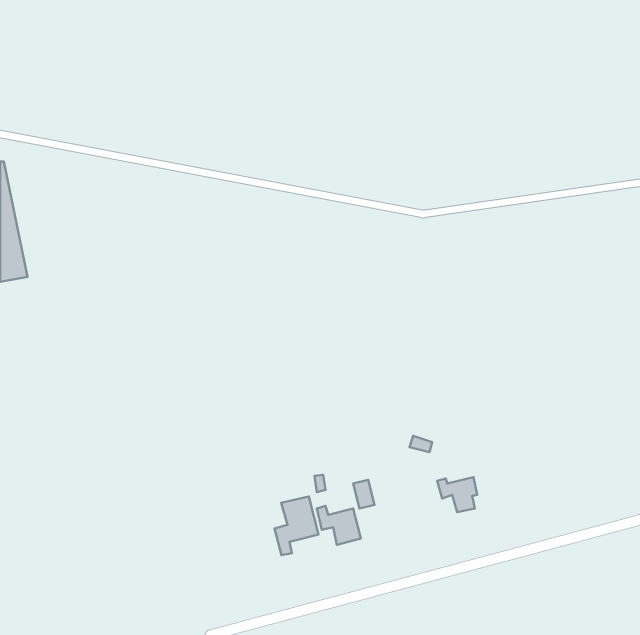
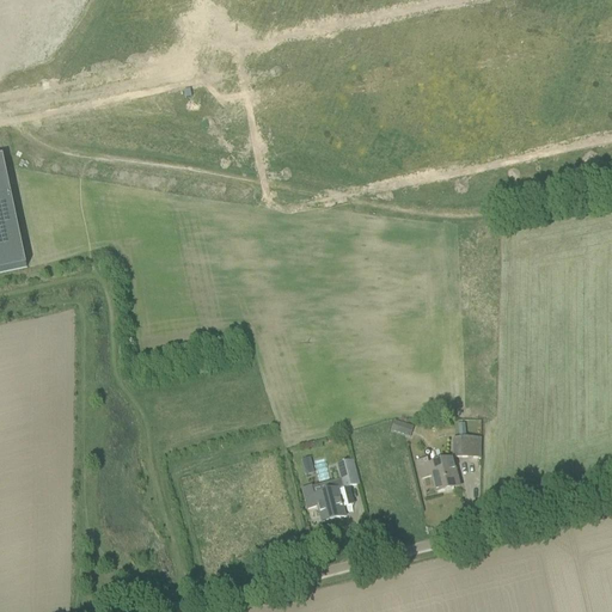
building: none -> [452,434,482,454]
building: [275,496,318,555] -> none

